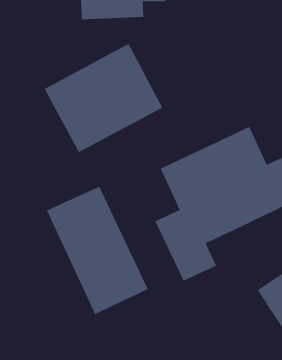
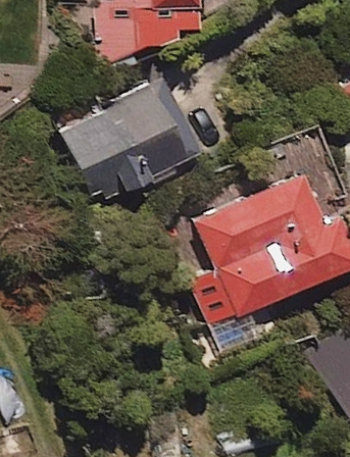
building: [46,186,149,315] -> none

